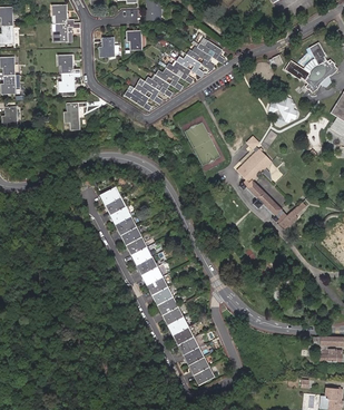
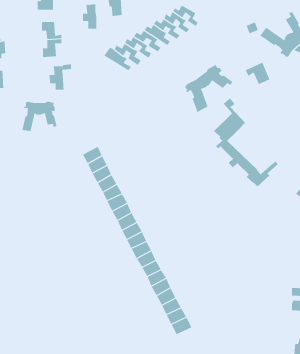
building: none -> [184,64,234,113]
building: none -> [22,101,57,132]

